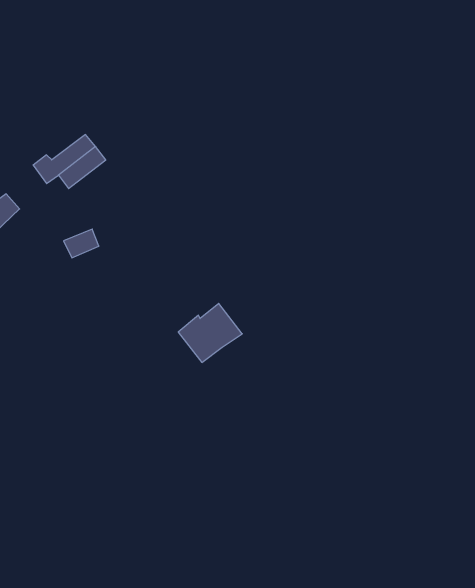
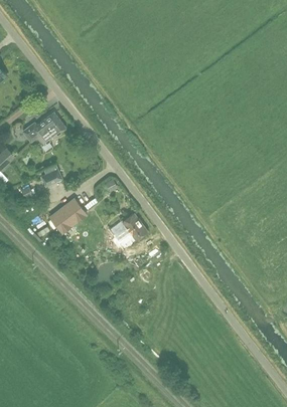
building: none -> [48,197,85,231]

